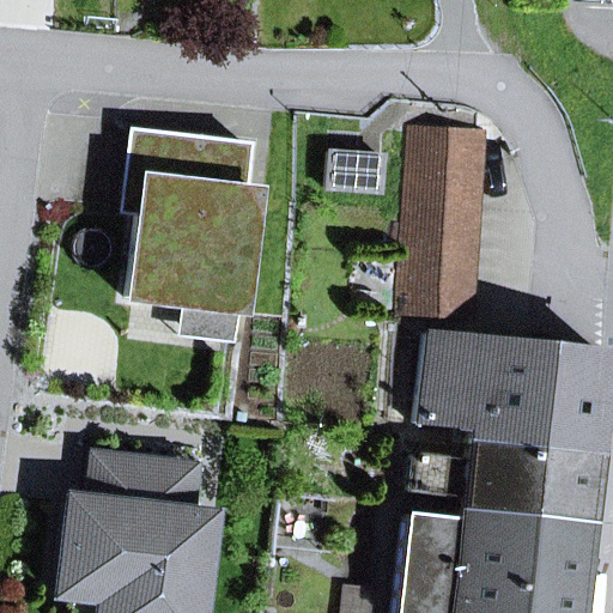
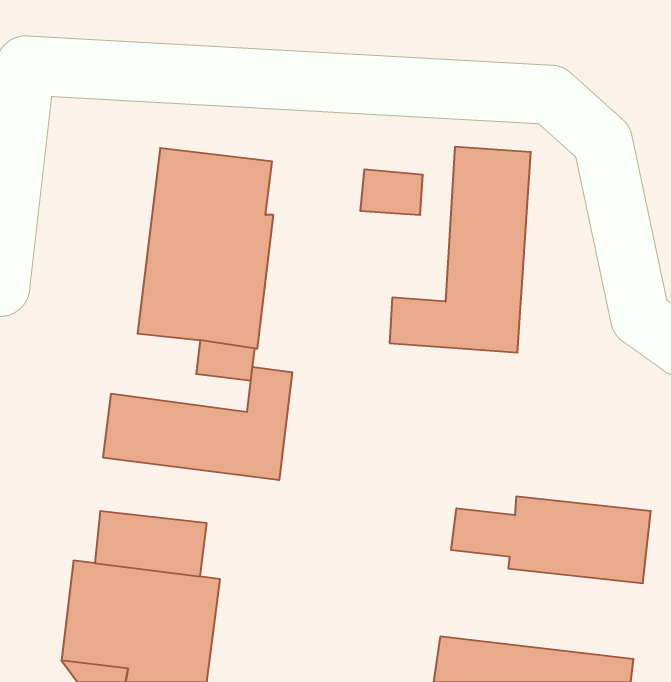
building: none -> [103,367,292,480]
building: [420,334,606,459] -> none
building: [405,510,587,591] -> none

